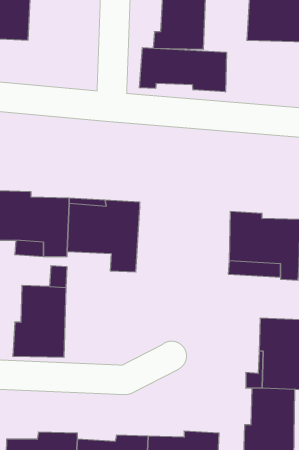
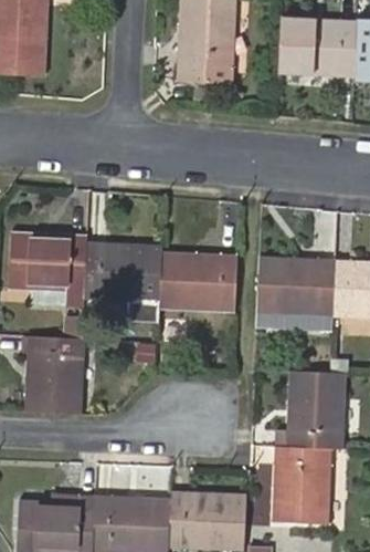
building: [139,48,226,92] -> none
building: none -> [159,252,235,310]

